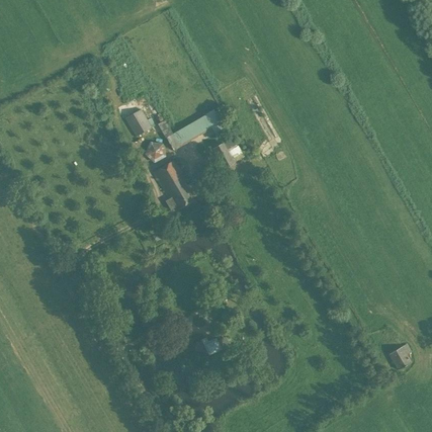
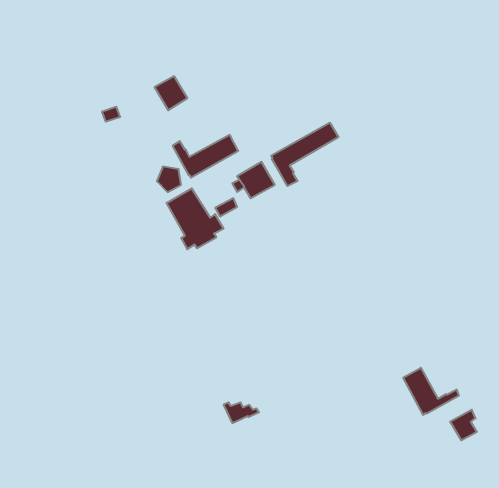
building: none -> [271,123,338,186]
building: [124,108,152,137] -> [155,76,187,110]
building: none -> [403,368,459,415]

